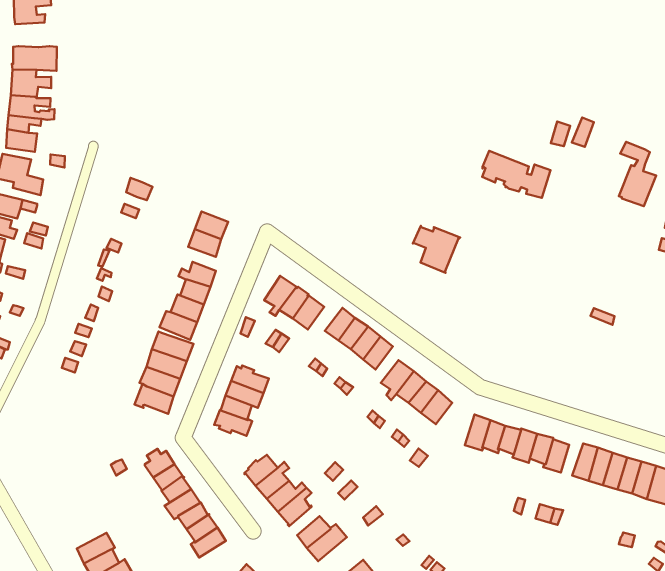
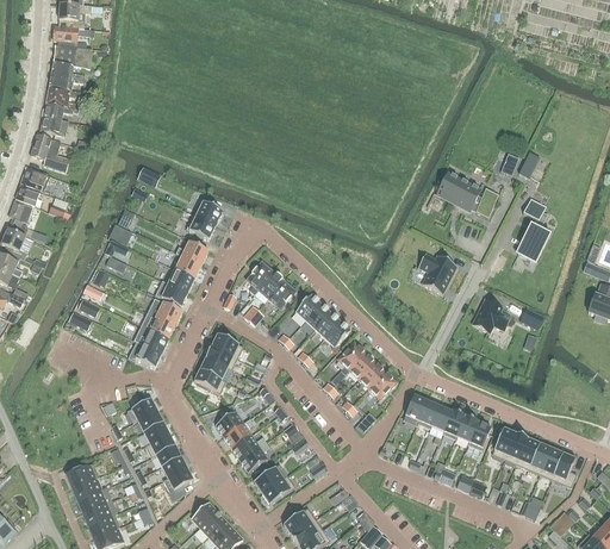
building: none -> [52,26,89,48]
building: [619,142,656,206] -> [517,204,550,260]
building: [413,226,460,273] -> [417,252,458,294]
building: none -> [472,299,510,332]

